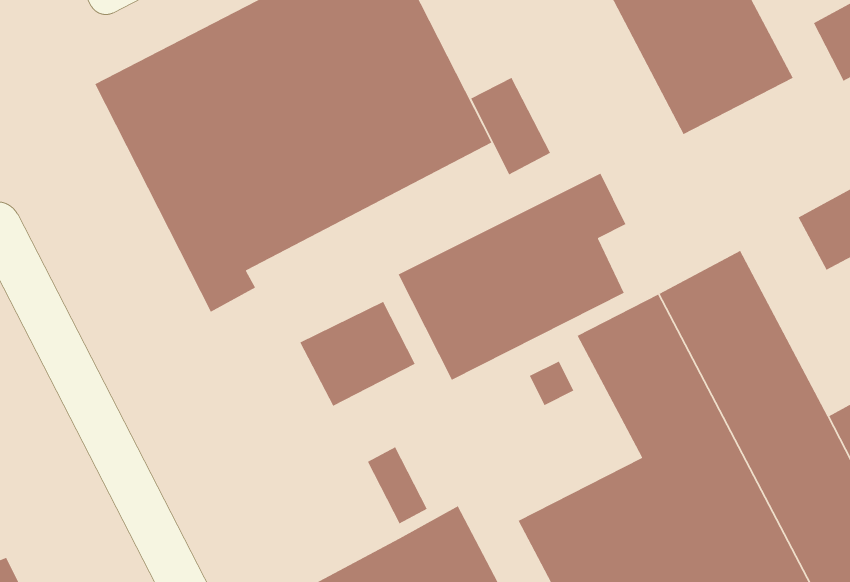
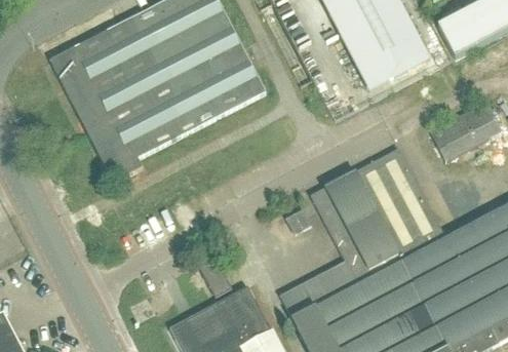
building: [470,77,551,176] -> none
building: [397,173,626,381] -> none
building: [299,301,416,407] -> none

